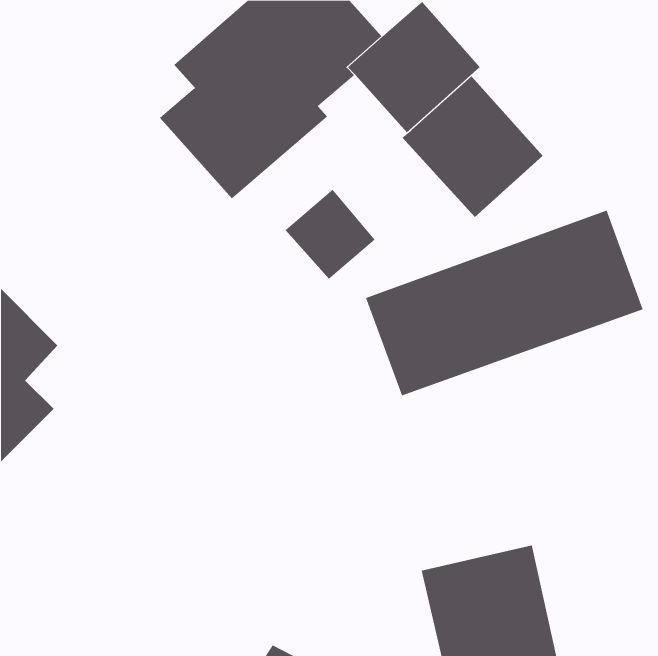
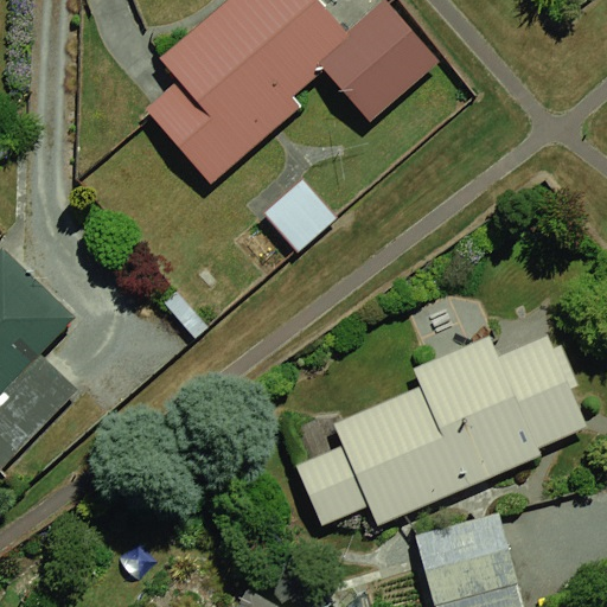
building: [402,75,543,218] -> none
building: [365,210,644,396] -> [315,334,570,505]

